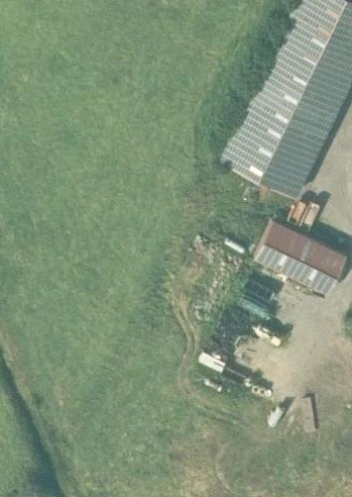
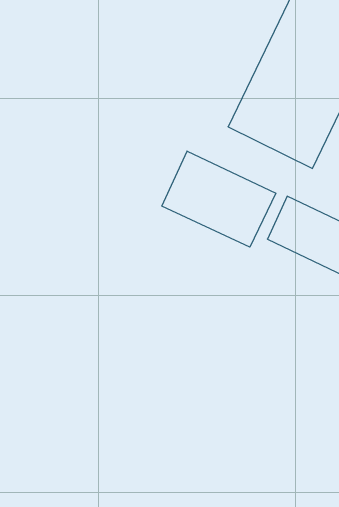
building: none -> [162,151,276,247]

